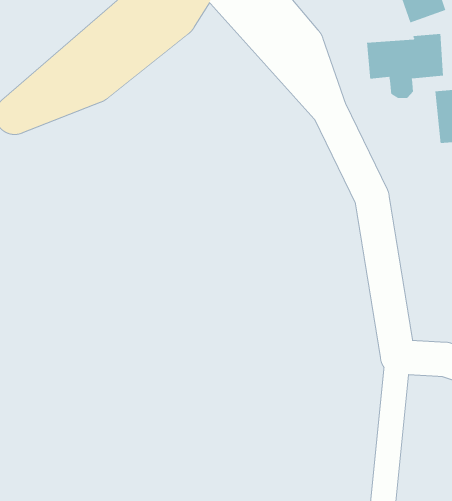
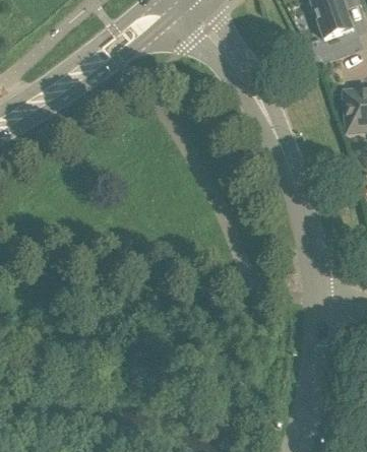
building: [366,33,444,99] -> none

